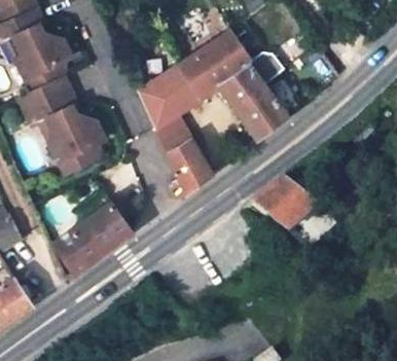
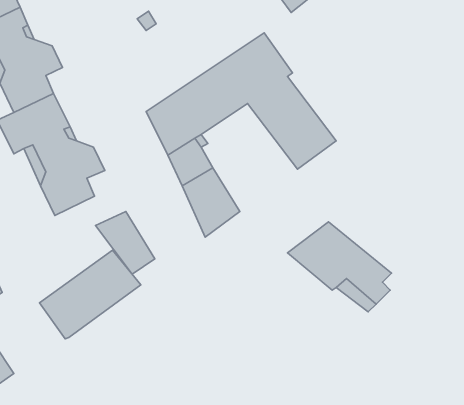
building: none -> [95,211,155,274]

